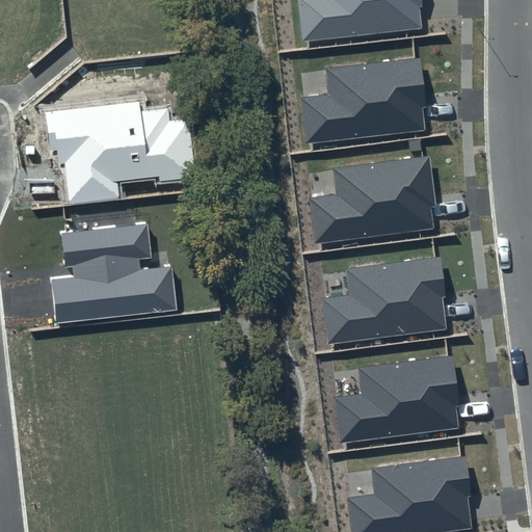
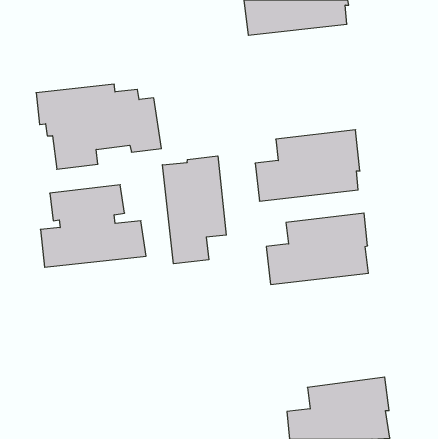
building: [298,57,425,143] -> none
building: none -> [162,156,226,264]
building: [332,356,459,443] -> none

